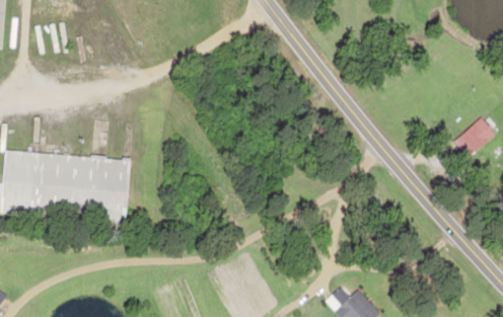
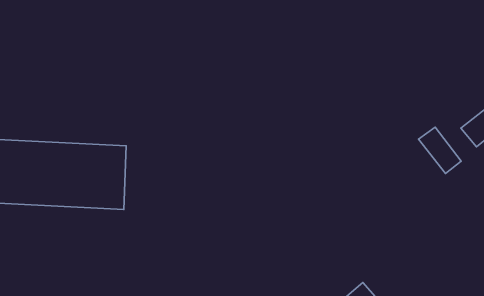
building: none -> [419,127,461,174]

